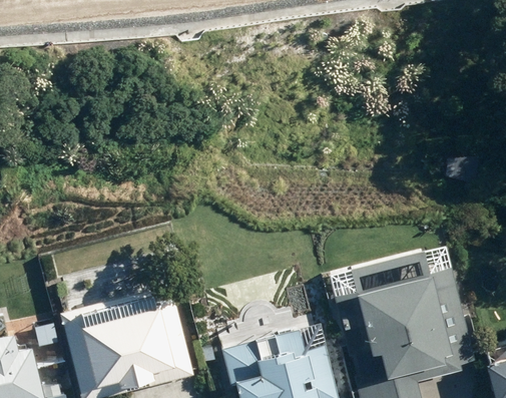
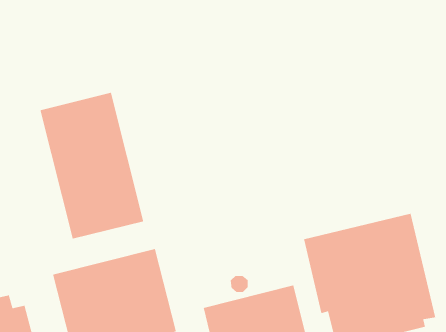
building: none -> [40,92,144,240]

